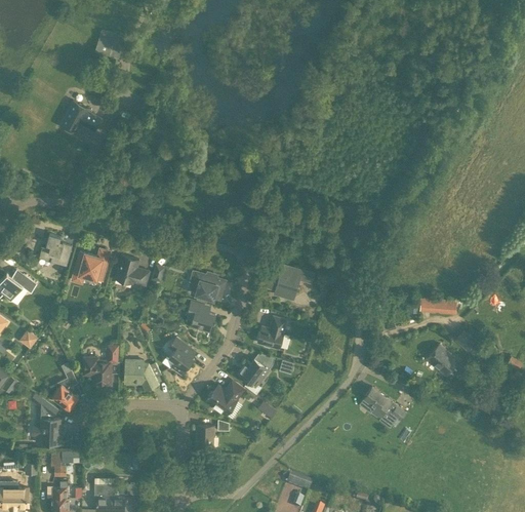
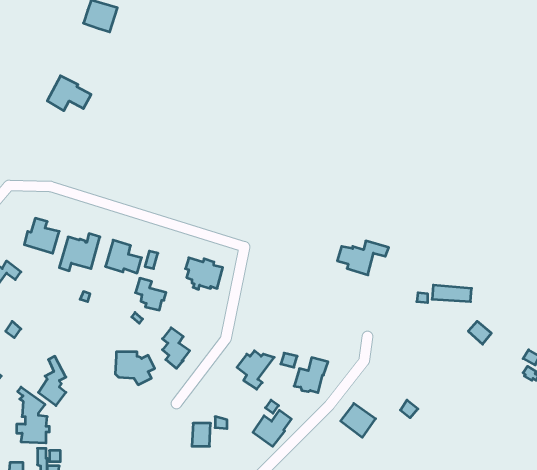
building: [265,268,313,300] -> [337,241,389,275]
building: [187,302,215,331] -> [135,278,166,310]
building: [256,316,288,349] -> [294,358,328,393]
building: [427,344,458,376] -> none
building: [83,346,117,385] -> none
building: [207,381,243,415] -> [253,410,291,446]
building: [359,387,392,419] -> [341,403,376,437]

